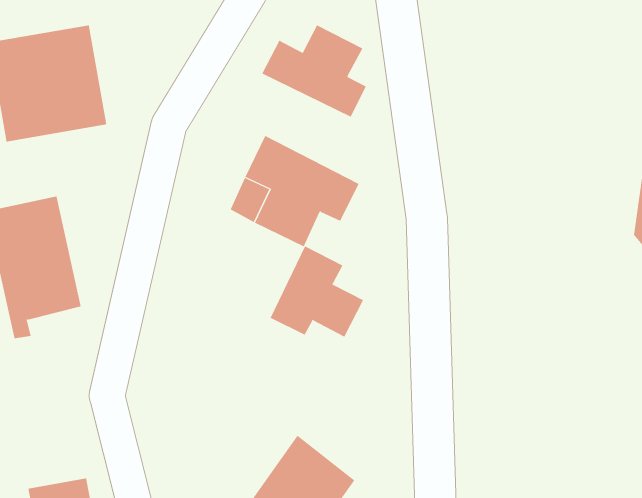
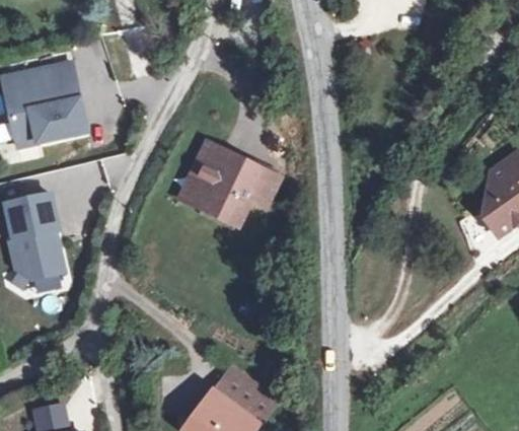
building: [261,25,366,117] -> none
building: [270,245,364,337] -> none

